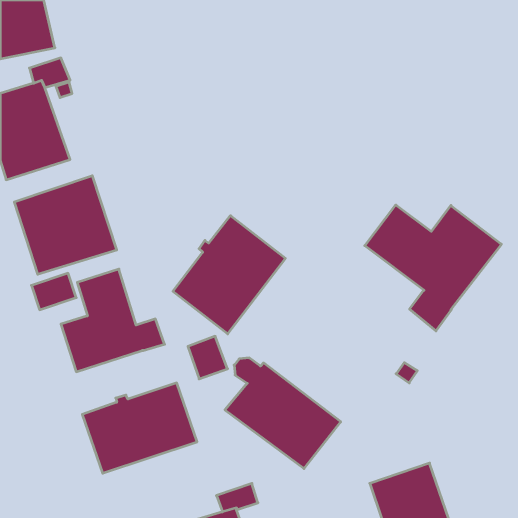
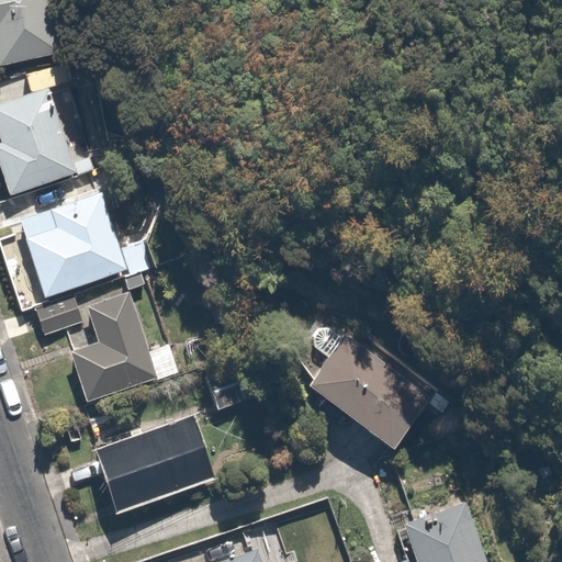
building: [365,205,501,331] -> none
building: [173,216,285,334] -> none
building: [225,358,341,469] -> [303,329,428,449]

